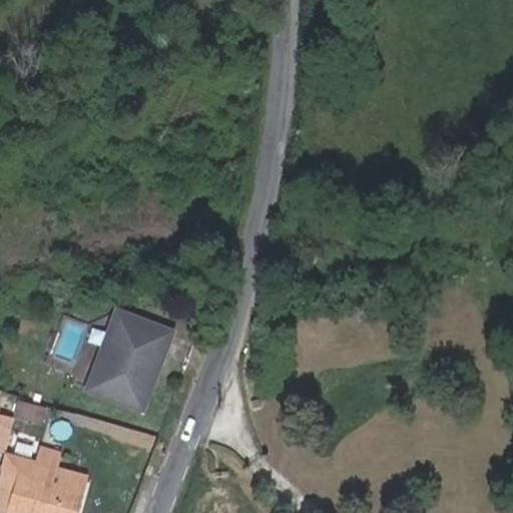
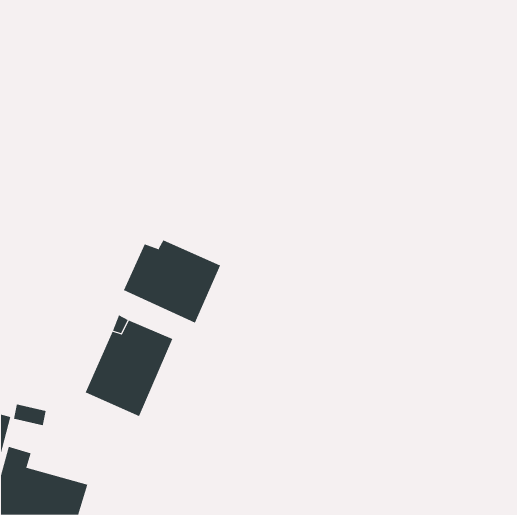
building: none -> [123,240,221,323]

